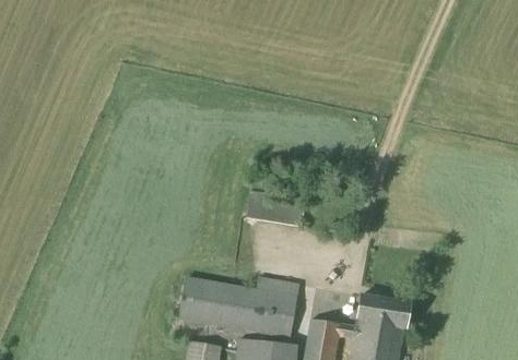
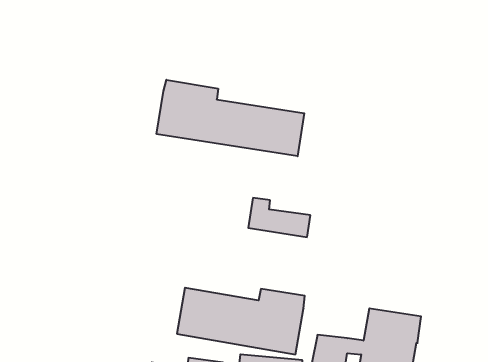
building: none -> [157,80,304,156]

